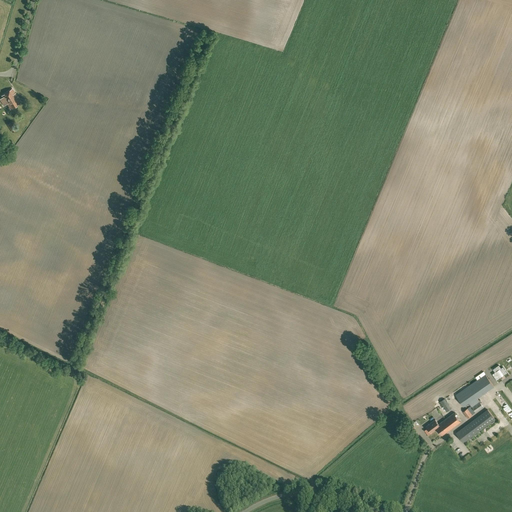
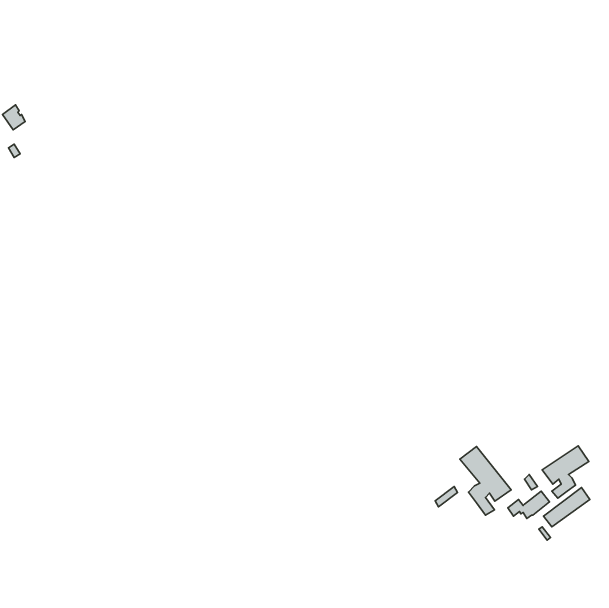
building: none -> [460,446,511,515]

